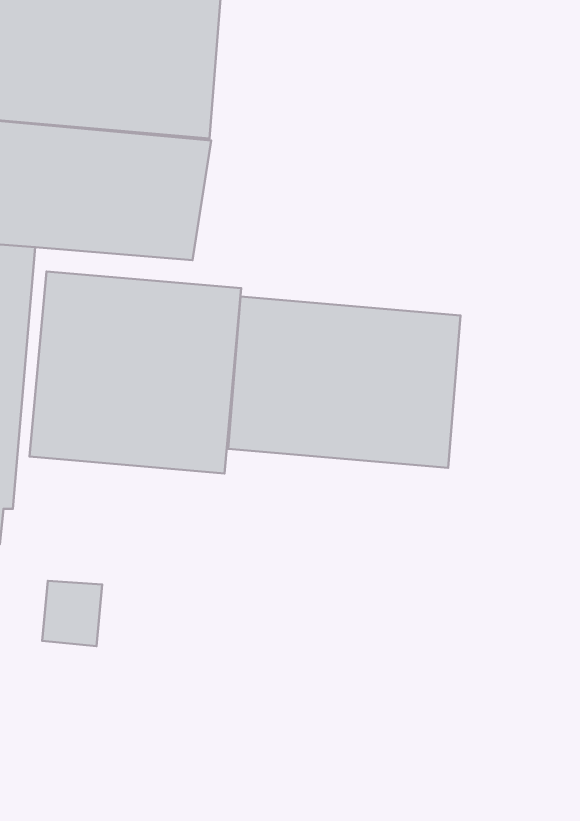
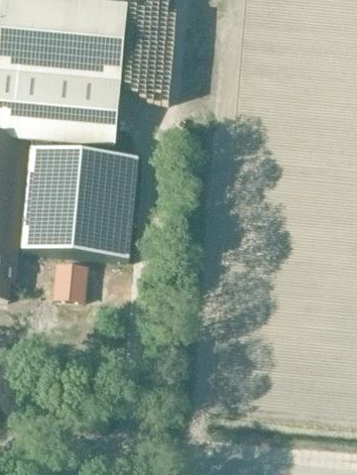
building: [228,296,460,468] -> none
building: [42,581,102,646] -> [54,258,87,293]

